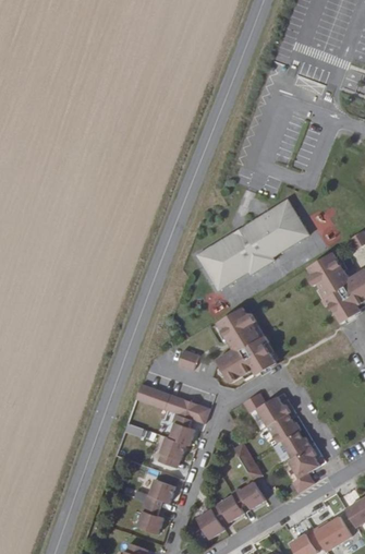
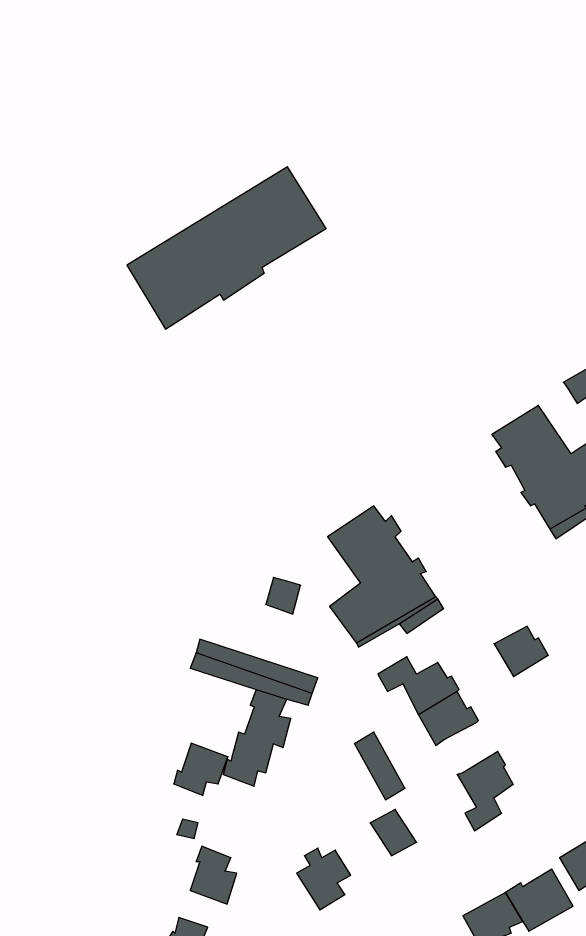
building: [197,201,309,292] -> [127,167,326,329]
building: [280,431,311,459] -> [494,626,548,677]
building: [144,478,174,507] -> [174,743,228,795]
building: [218,486,247,519] -> none

